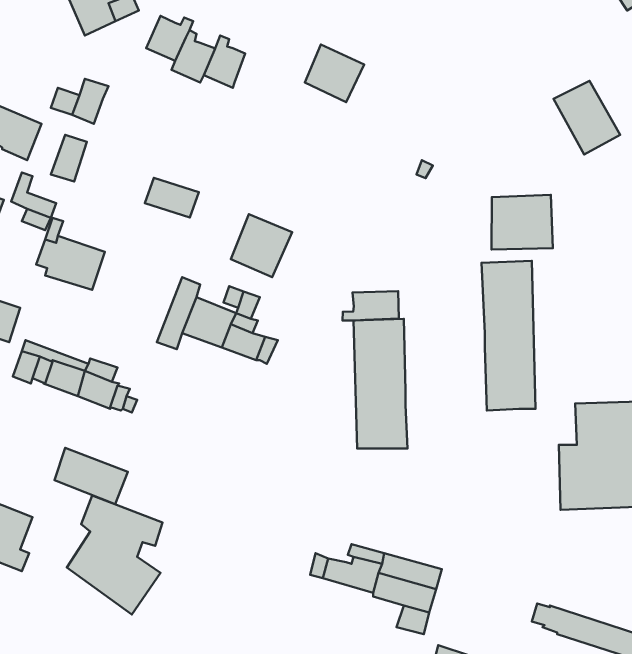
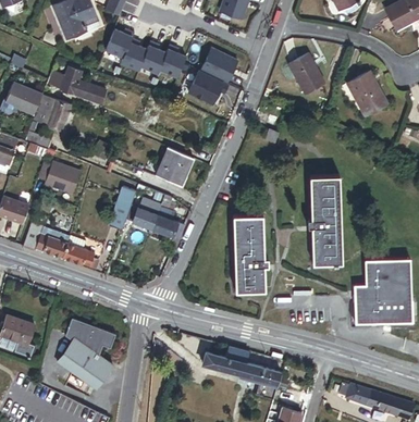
building: none -> [159,44,186,75]
building: none -> [286,52,324,94]
building: none -> [188,67,229,101]
building: [145,178,199,218] -> [74,78,107,102]
building: [492,195,553,250] -> none
building: [343,291,399,320] -> none
building: [55,448,128,504] -> none

